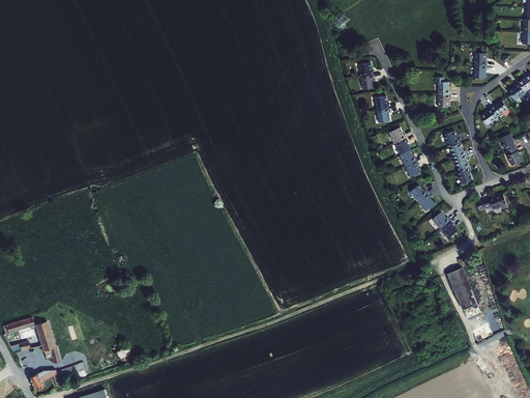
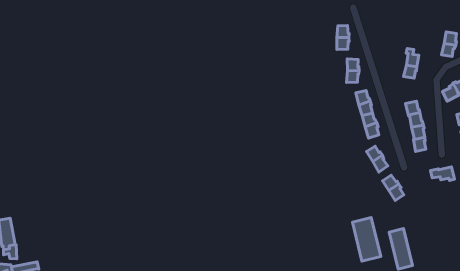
building: none -> [352,218,381,261]

